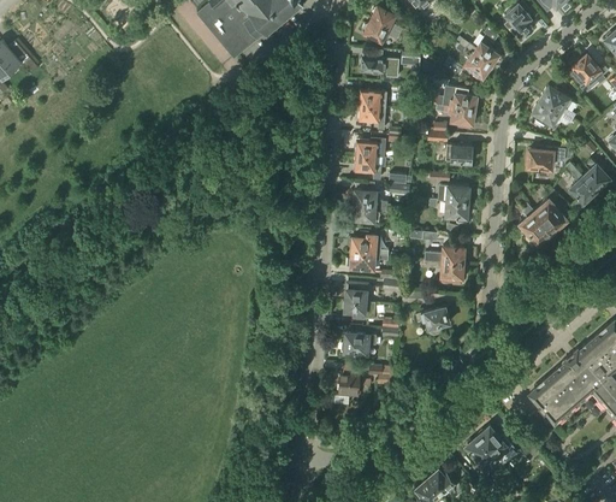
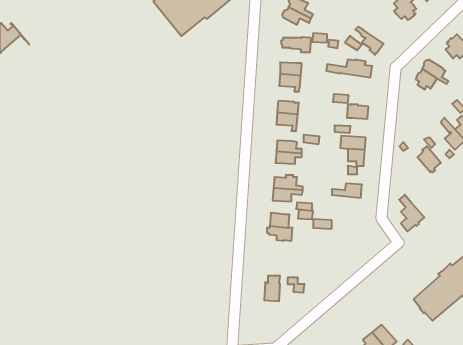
building: [460,36,499,66] -> none
building: [436,104,475,129] -> none
building: [527,142,574,173] -> none
building: [520,202,552,249] -> [399,195,424,231]
building: [425,260,463,283] -> none
building: [416,306,450,333] -> none
building: [340,332,375,356] -> none

